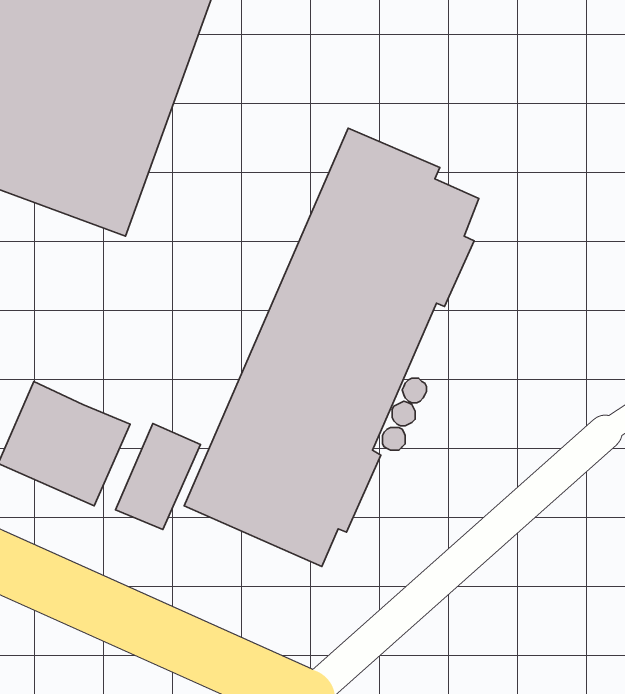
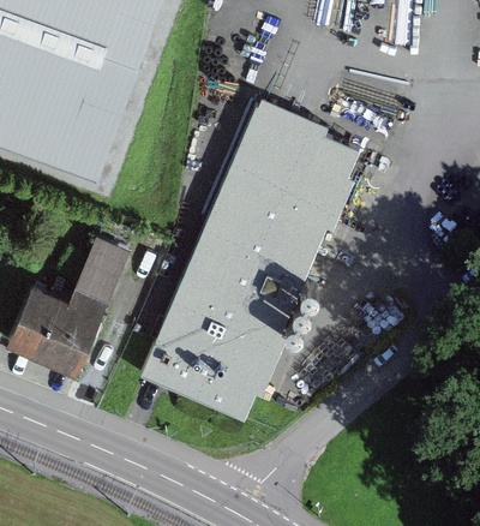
building: [115,423,200,530] -> [67,238,130,316]

